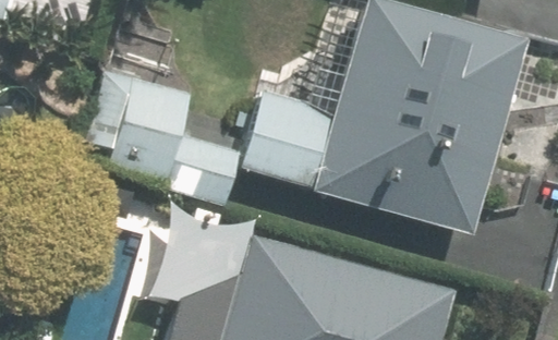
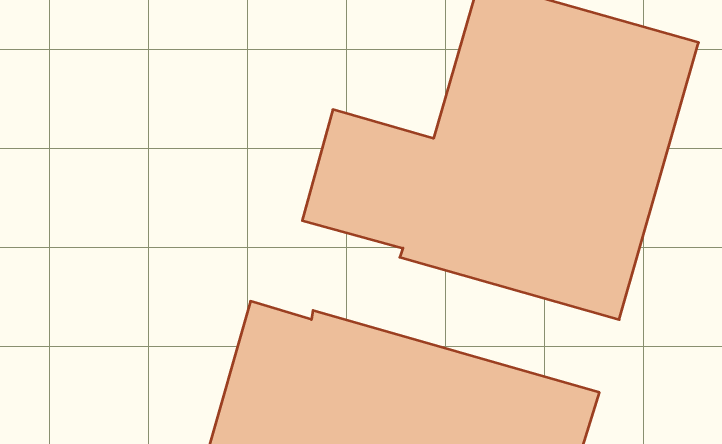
building: [94,69,246,208] -> none

